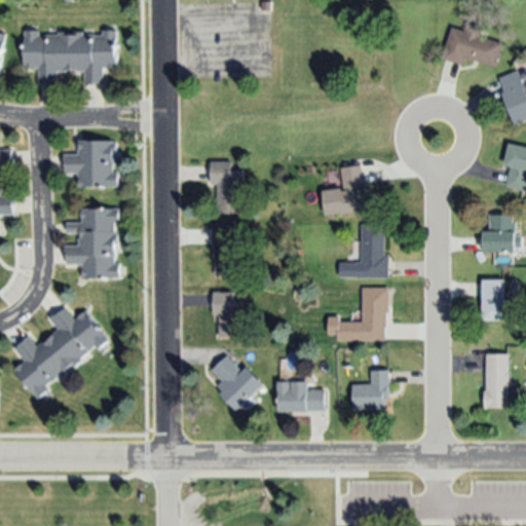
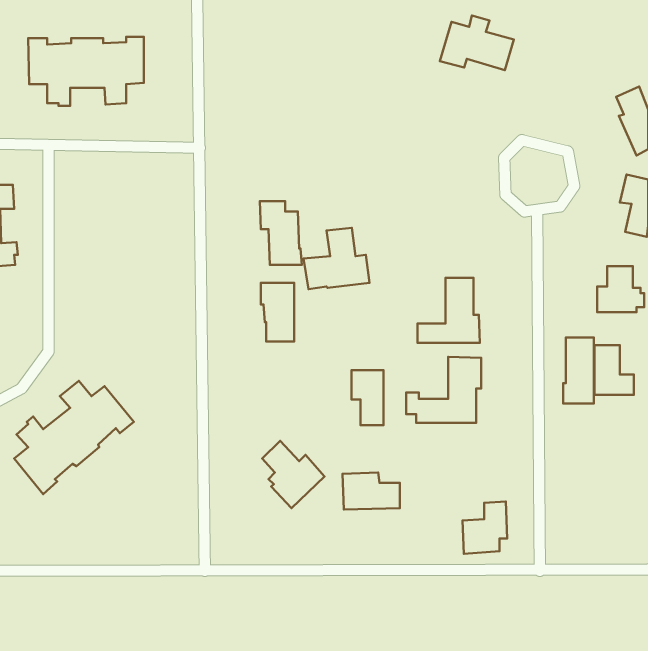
building: [441,23,500,67] -> [440,15,514,70]
building: [62,140,117,189] -> none
building: [322,165,375,215] -> [303,228,370,289]
building: [63,208,119,278] -> none
building: [212,292,237,336] -> [352,370,383,425]
building: [483,354,508,408] -> [563,337,594,404]
building: [352,370,388,412] -> [463,501,507,554]

